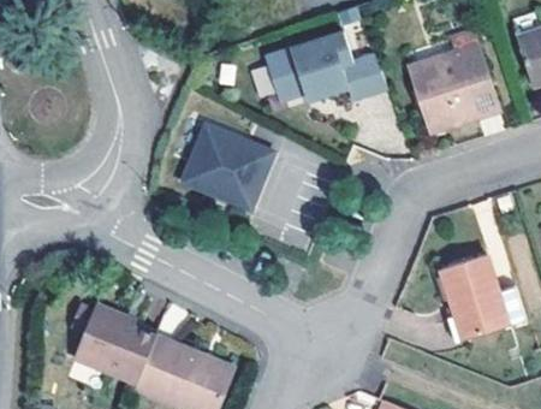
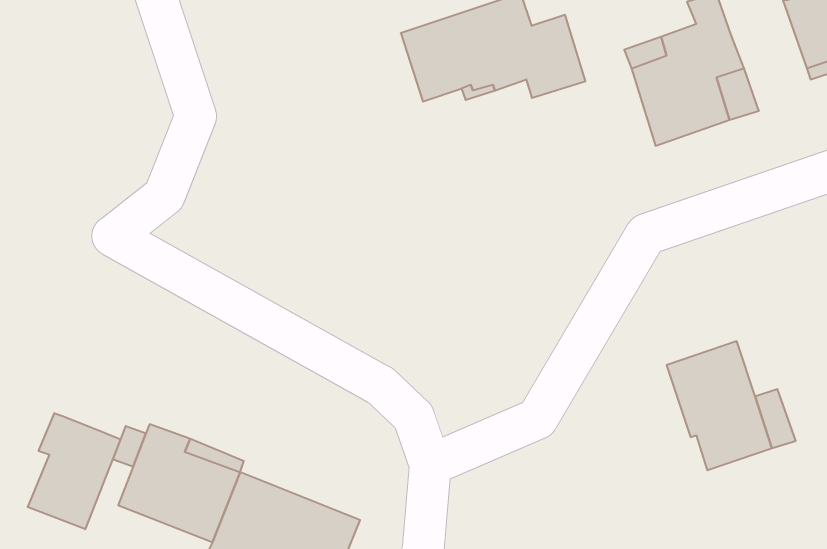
building: [186,124,279,211] -> none
building: none -> [28,413,120,529]

